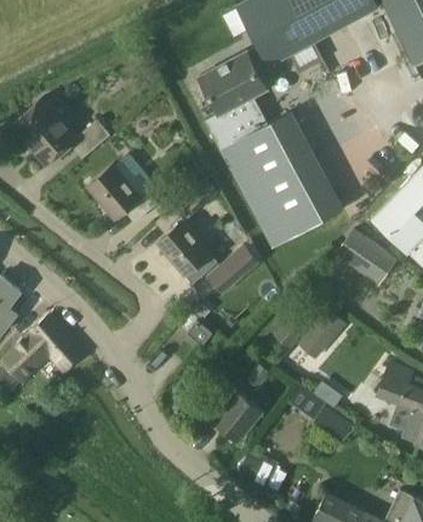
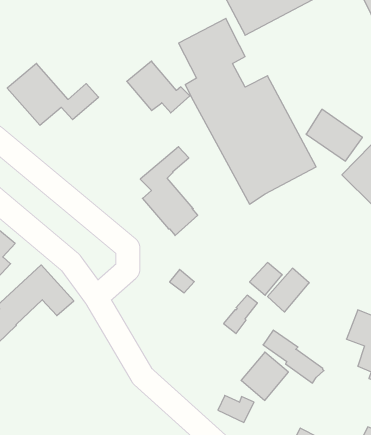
building: [87,165,155,221] -> [127,61,190,113]
building: [336,229,396,285] -> [306,109,362,161]
building: [206,244,261,295] -> none
building: [212,390,263,442] -> [241,352,288,400]

